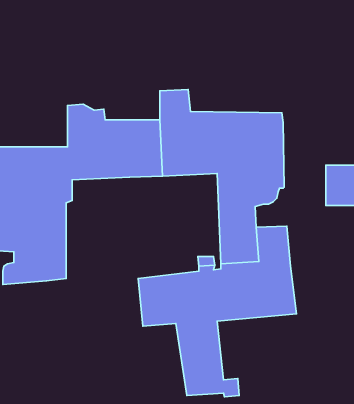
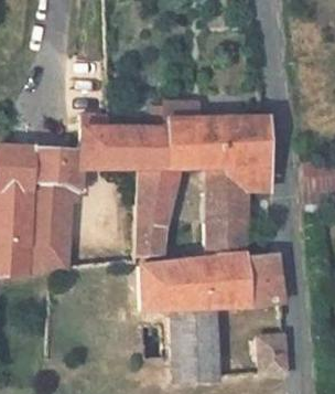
building: none -> [128,174,161,259]
building: none -> [257,327,285,371]

